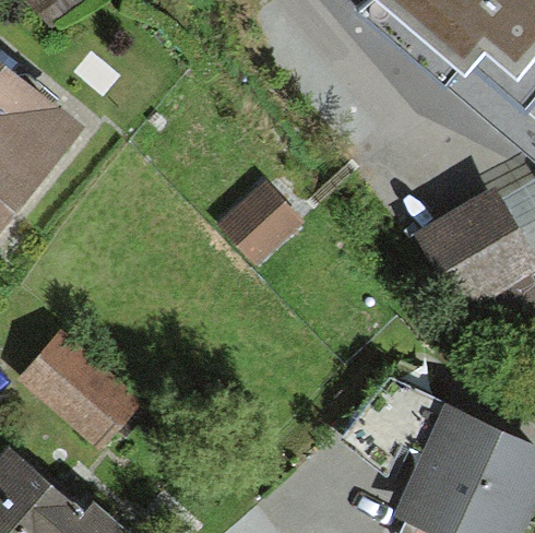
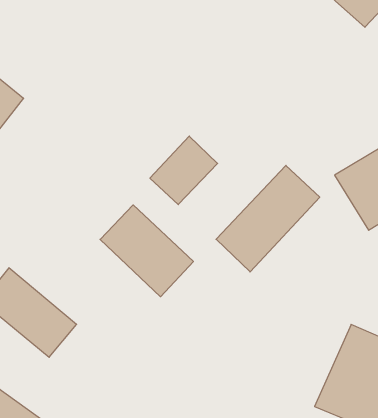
building: none -> [216,165,320,272]
building: none -> [100,205,193,297]

